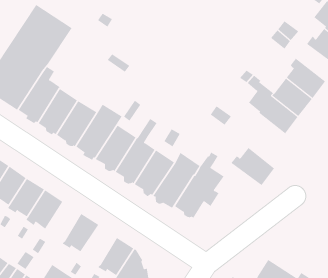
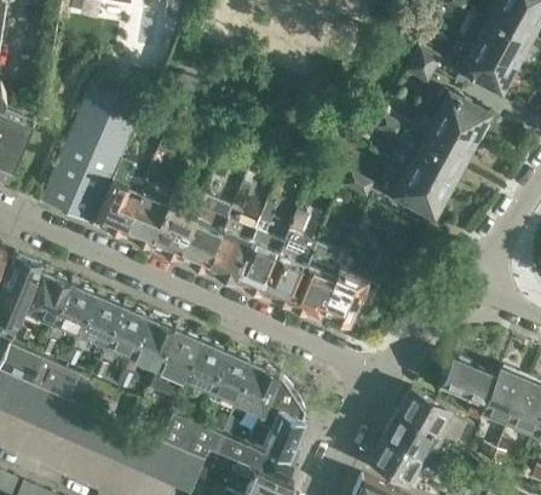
building: [231,147,275,186] -> [390,172,449,219]
building: none -> [156,332,200,382]
building: none -> [207,353,252,405]

